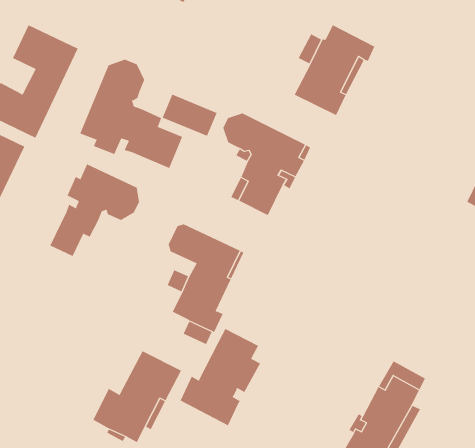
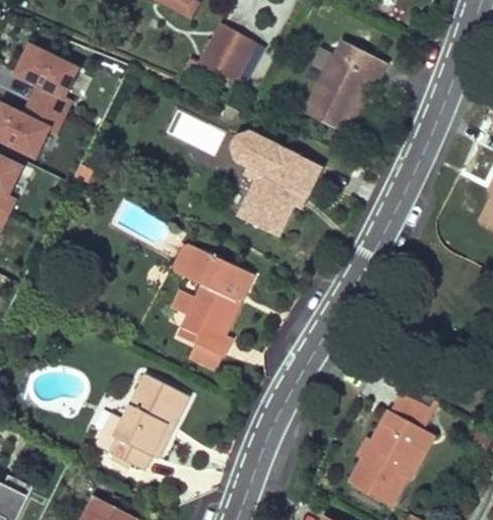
building: none -> [194,24,254,84]
building: [79,59,183,169] -> none
building: [49,163,140,257] -> none
building: [180,328,261,426] -> none

